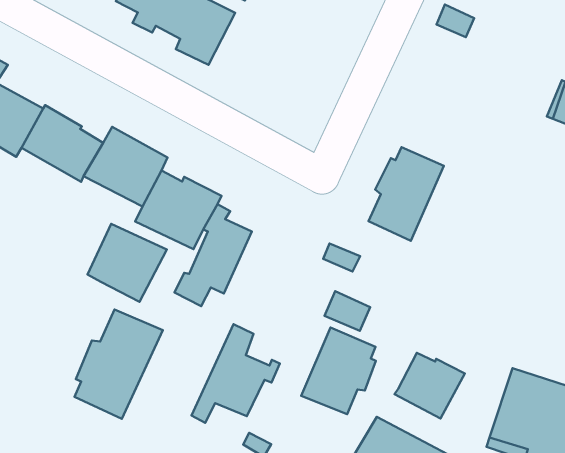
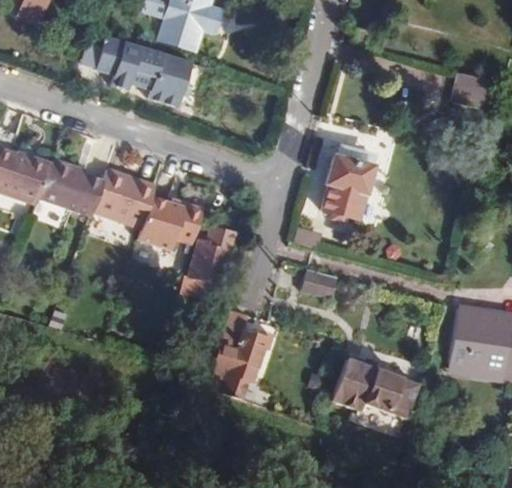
building: [87,224,167,302] -> none
building: [75,309,163,419] -> none
building: [301,327,376,414] -> none
building: [394,353,465,419] -> none

